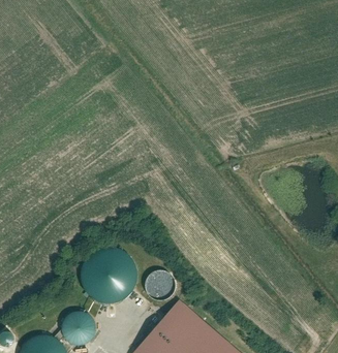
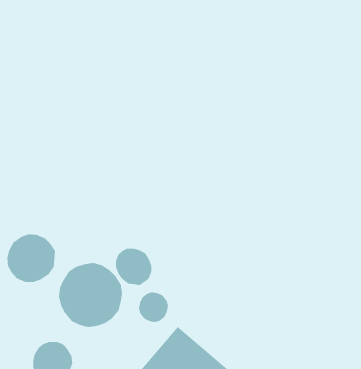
building: none -> [7,234,56,283]
building: none -> [115,248,152,286]

